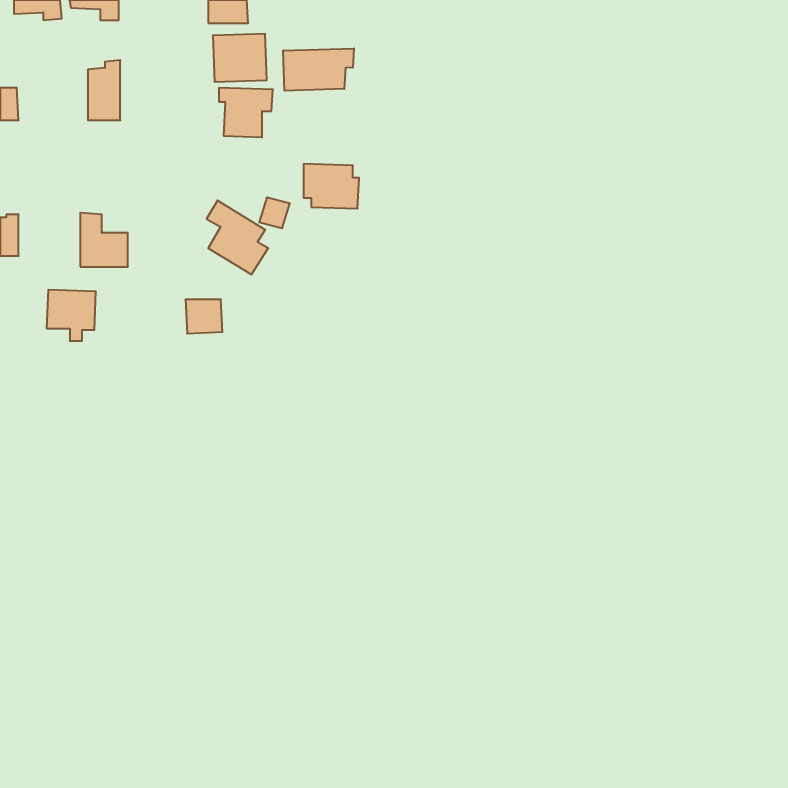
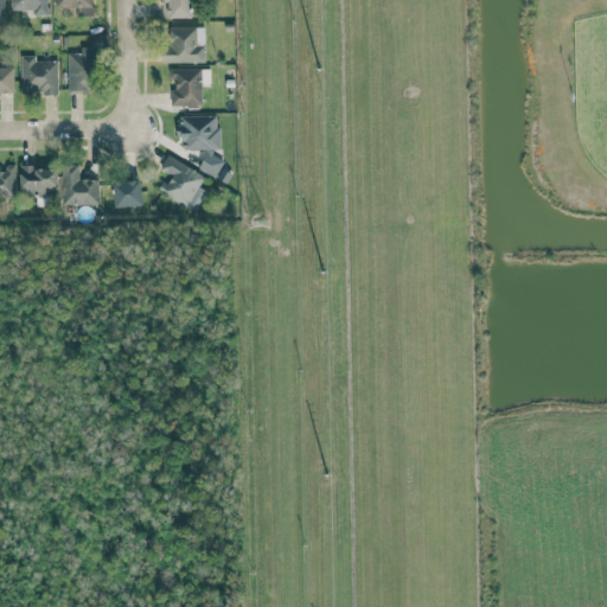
building: [283,48,354,91] -> none
building: none -> [20,55,57,95]
building: [304,164,359,209] -> [178,115,221,149]
building: [47,290,96,341] -> [19,166,57,205]
building: [185,300,222,334] -> [113,180,141,206]

